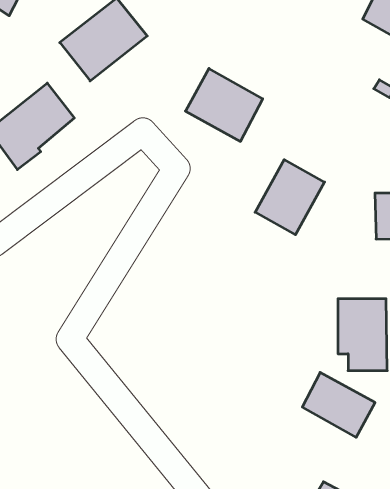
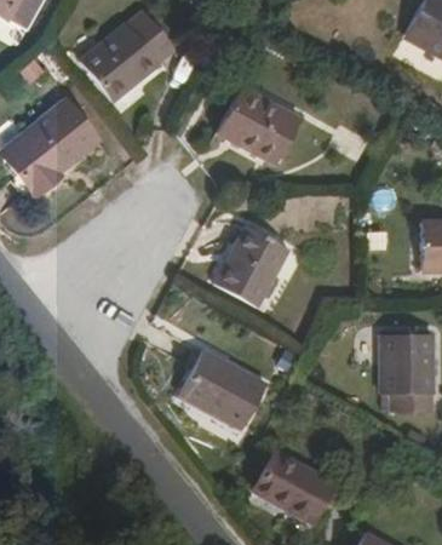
building: [255,160,325,235] -> [216,226,291,308]
building: none -> [179,351,266,431]
building: [302,372,375,437] -> [254,453,333,523]

